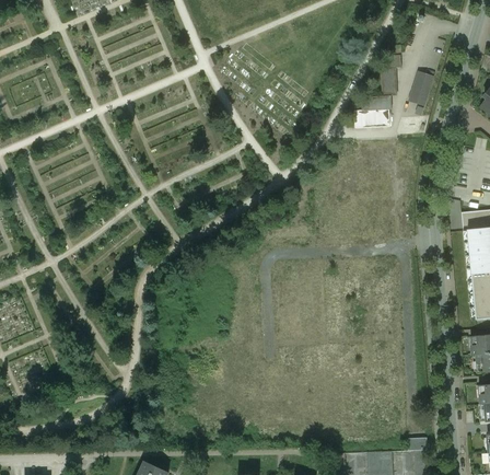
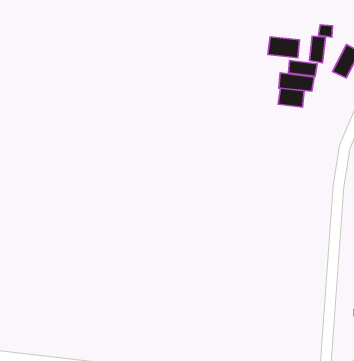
building: none -> [268,37,300,58]
building: none -> [278,88,304,107]

